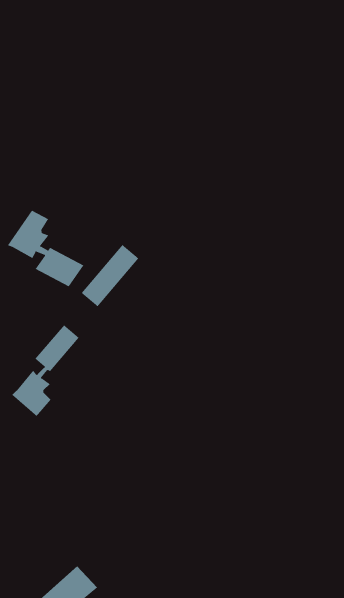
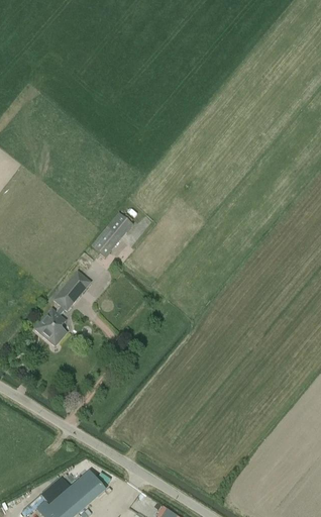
building: [7,210,84,287] -> none

